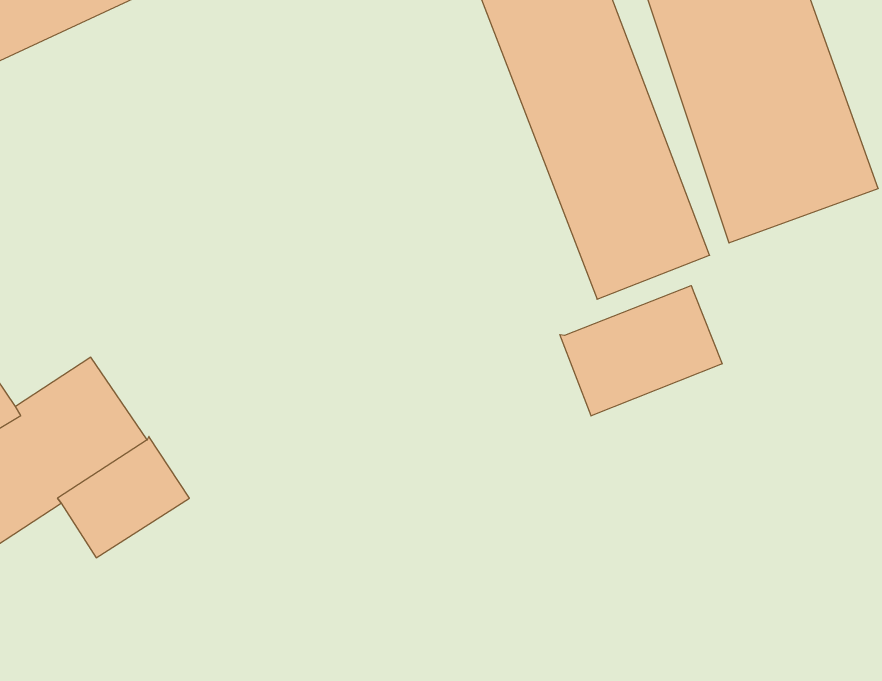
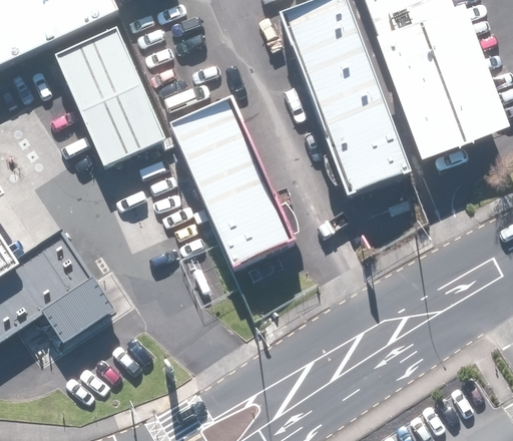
building: none -> [58,32,166,166]
building: none -> [171,99,293,267]
building: [560,286,722,416] -> none

